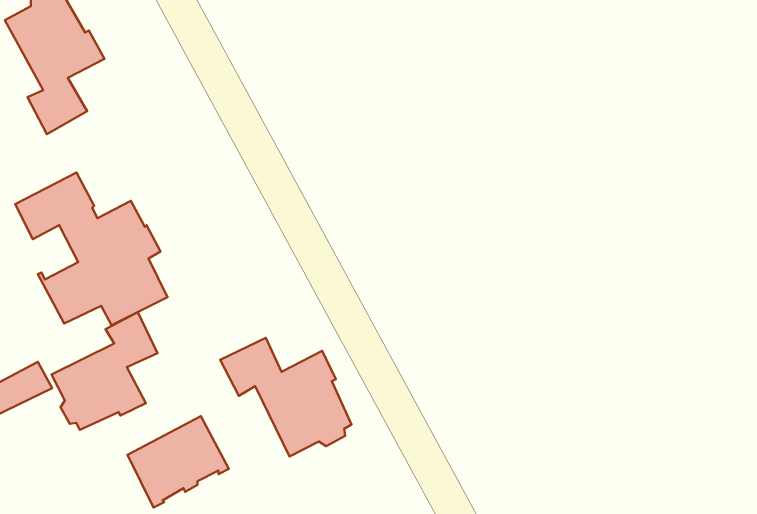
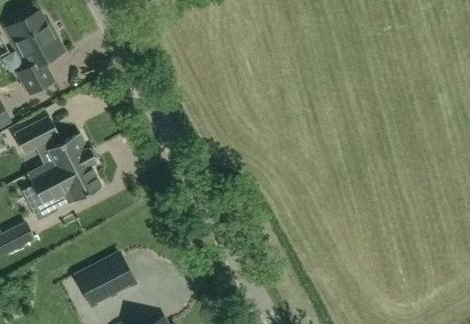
building: [51,312,157,430] -> none
building: [220,338,352,456] -> none

